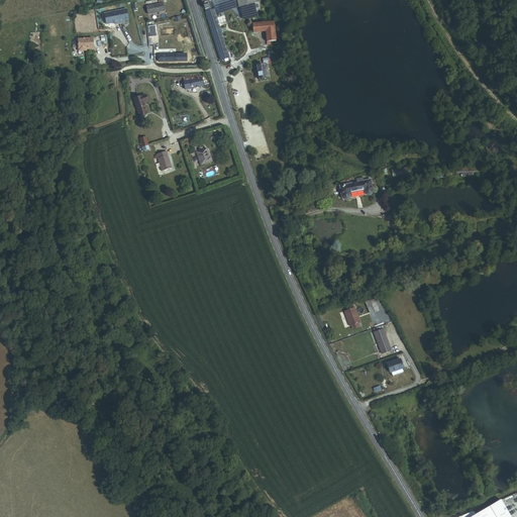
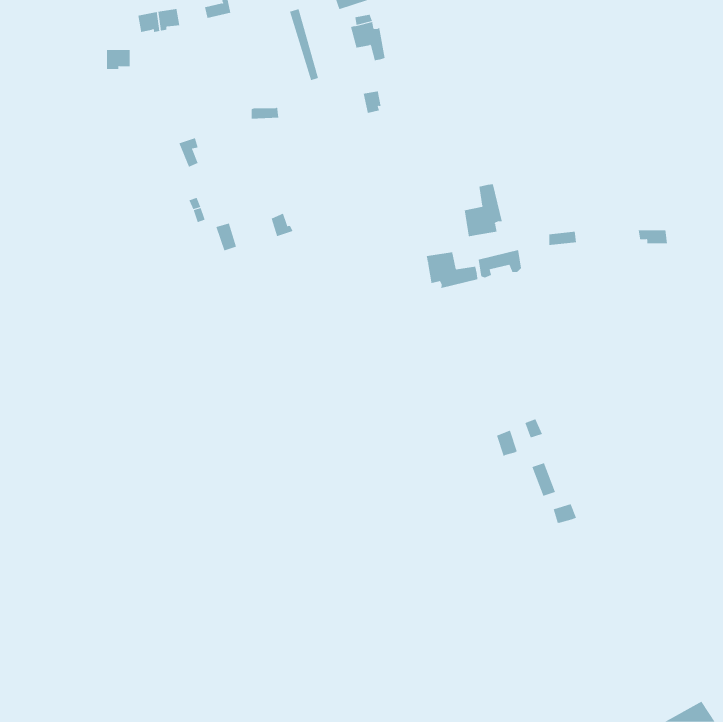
building: none -> [464,184,503,237]
building: none -> [426,252,478,289]

